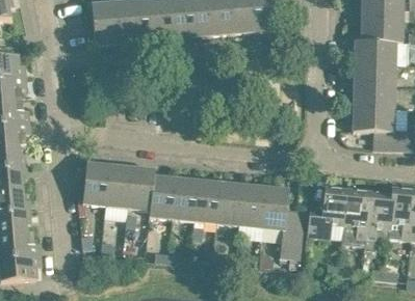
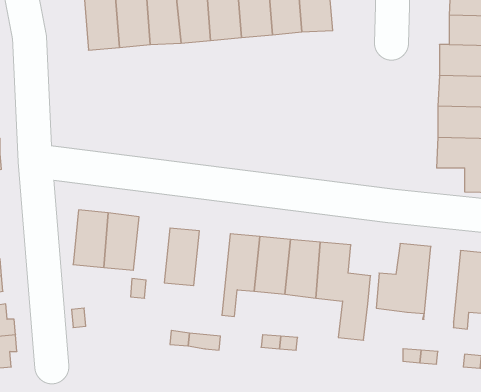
building: [127,167,154,216] -> none
building: [172,177,199,240] -> none
building: [342,189,369,245] -> none

